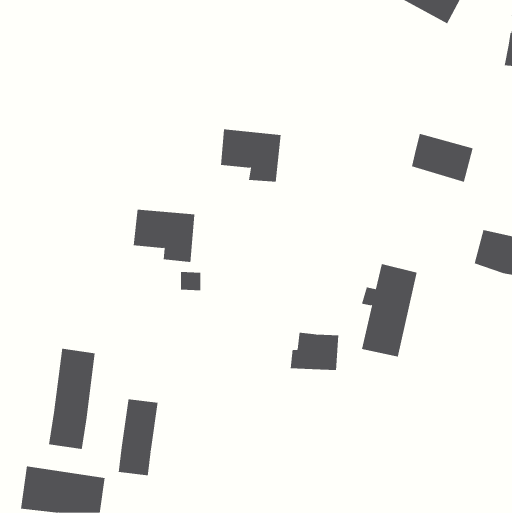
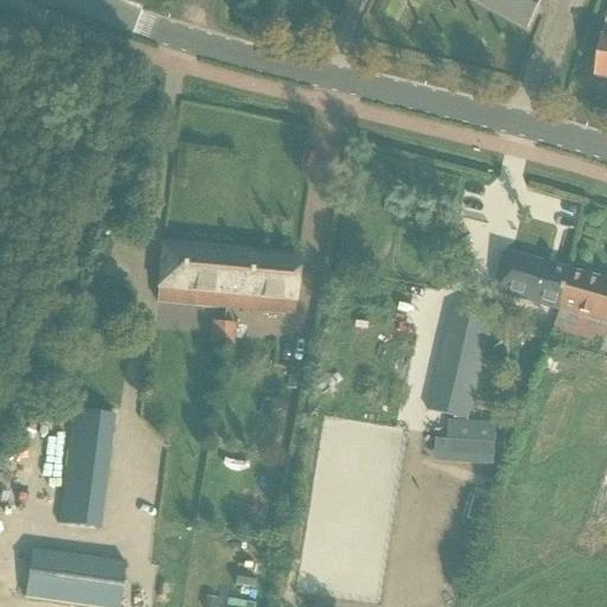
building: [220,129,281,182] -> [229,253,301,315]
building: [411,133,473,183] -> [498,253,571,311]
building: [290,332,339,371] -> [440,418,498,464]
building: [118,398,158,476] -> none

